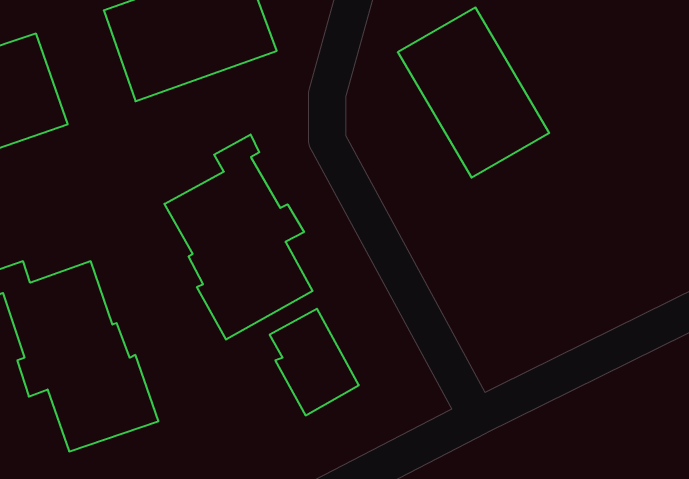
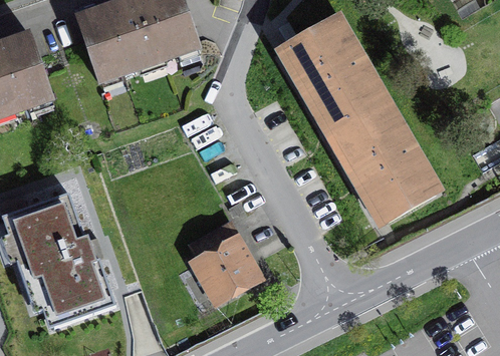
building: none -> [333,104,439,224]
building: [164,134,313,340] -> none

